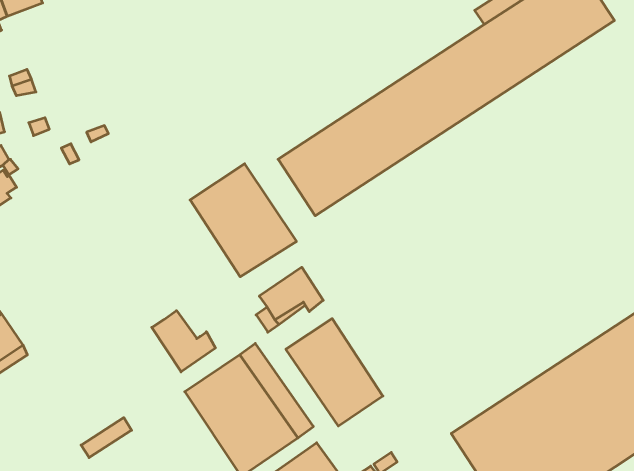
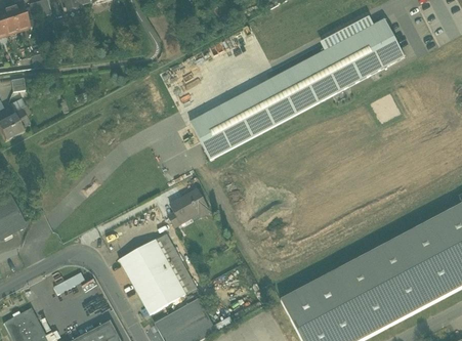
building: [190,164,296,277] -> none
building: [152,311,215,372] -> none
building: [286,319,383,426] -> none

